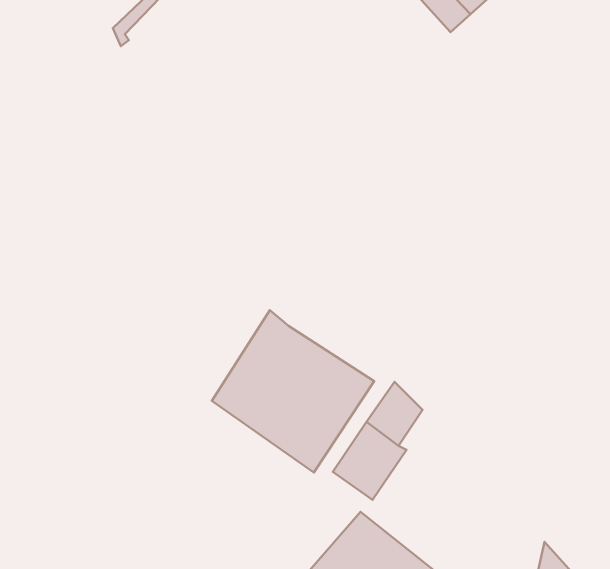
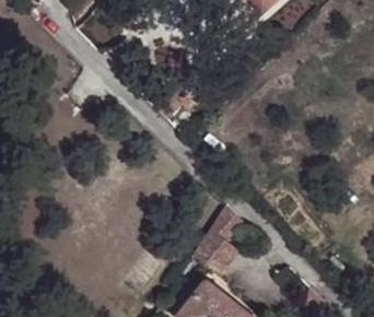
building: [212,310,374,473] -> none

